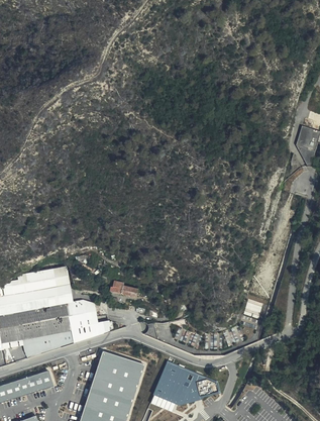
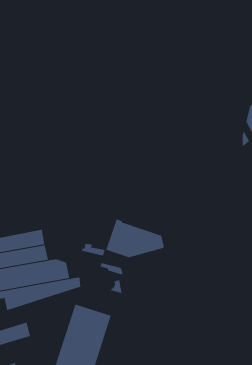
building: [153,359,220,404] -> [105,218,165,258]

